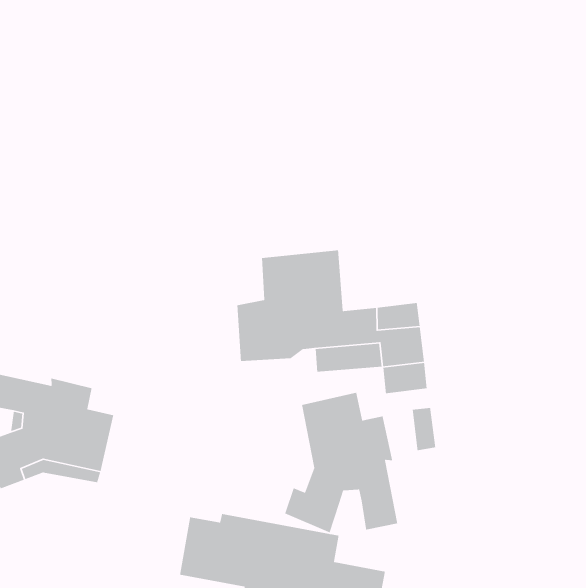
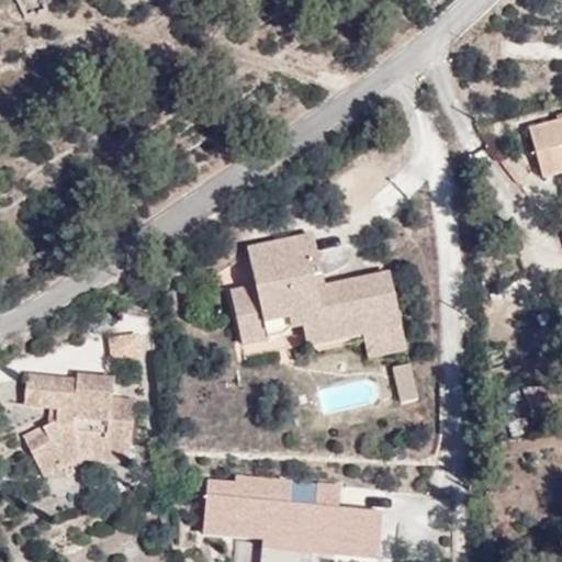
building: [284,392,398,534] -> none

